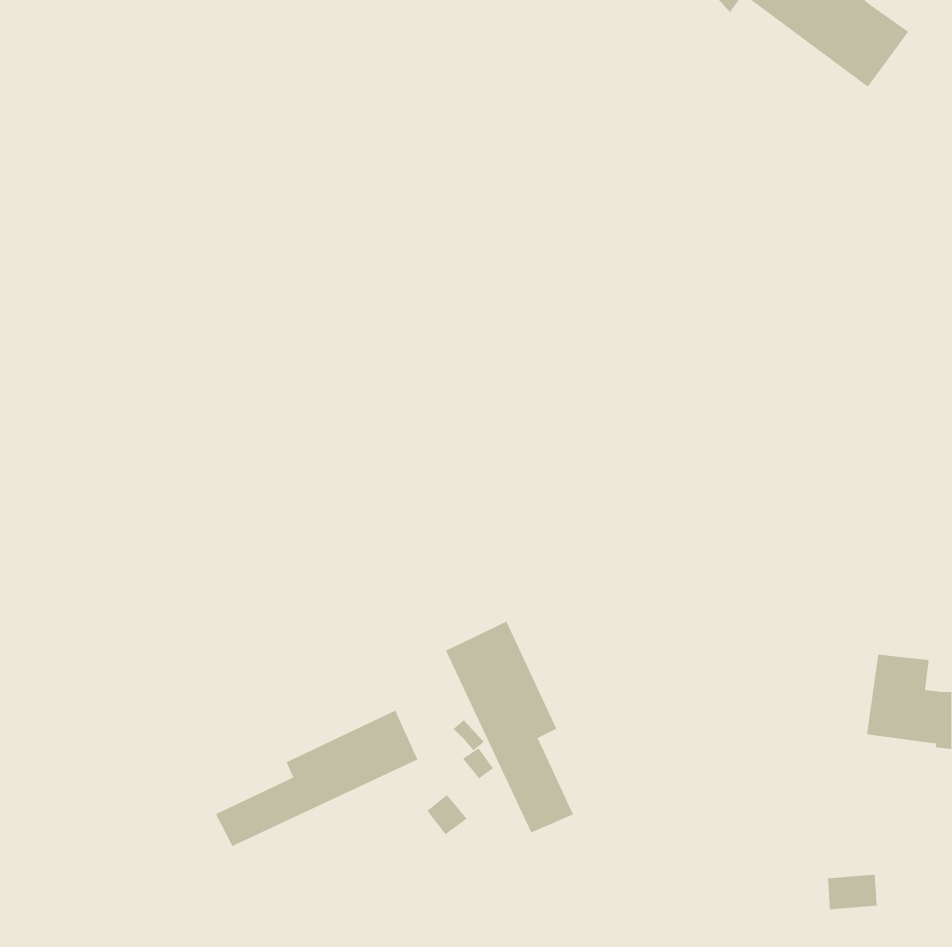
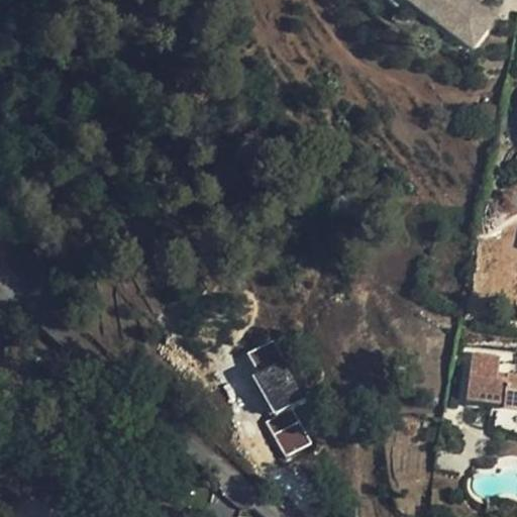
building: [215,710,418,847] -> none

